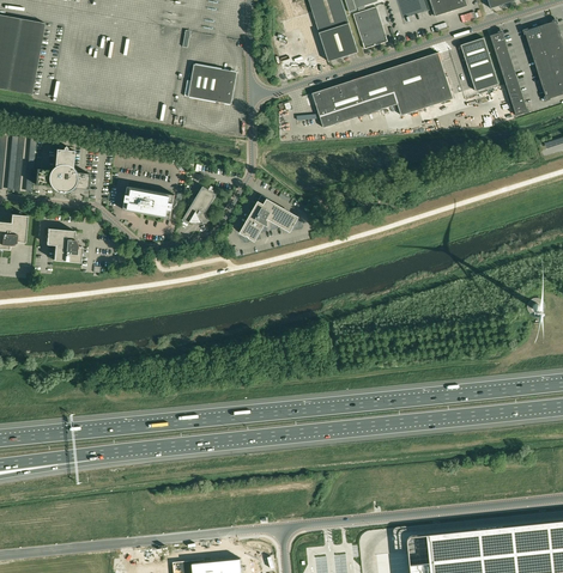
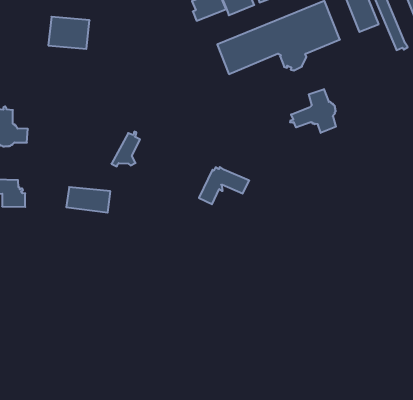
building: [187,65,236,104] -> [48,17,90,49]
building: none -> [290,89,336,133]
building: [122,187,174,219] -> [66,187,110,213]
building: [240,199,298,240] -> [199,167,249,204]

